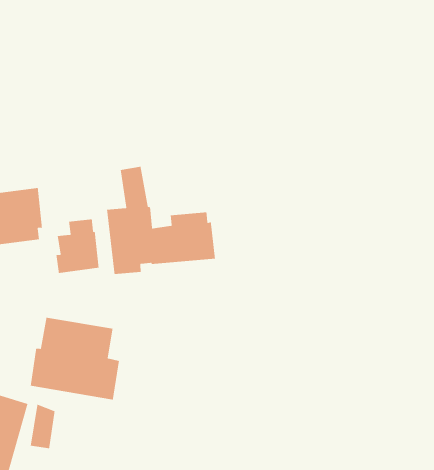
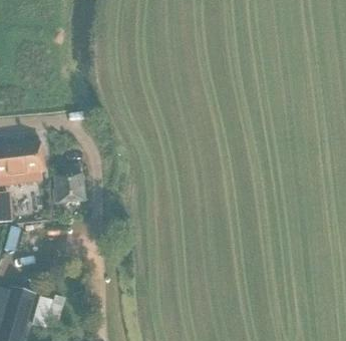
building: [106,166,216,275] -> none
building: [30,317,120,400] -> none

